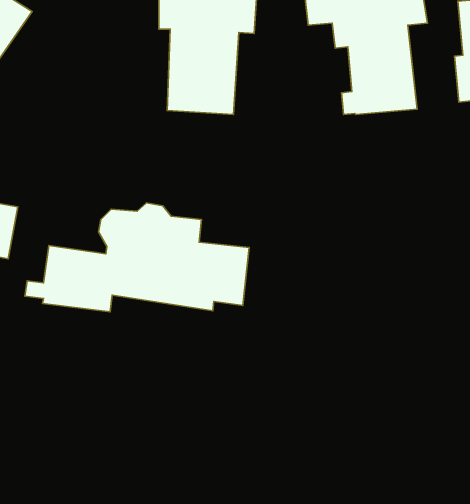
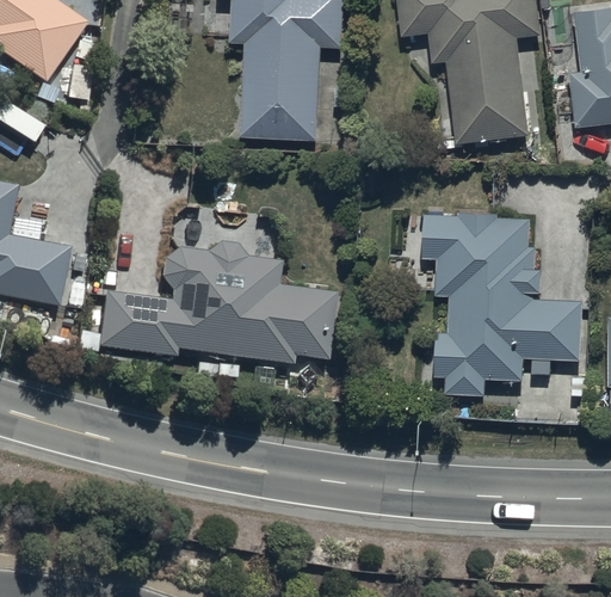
building: none -> [422,208,582,394]

